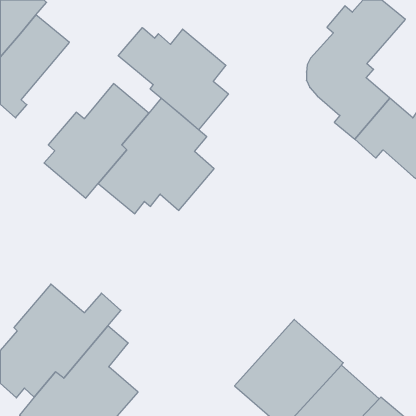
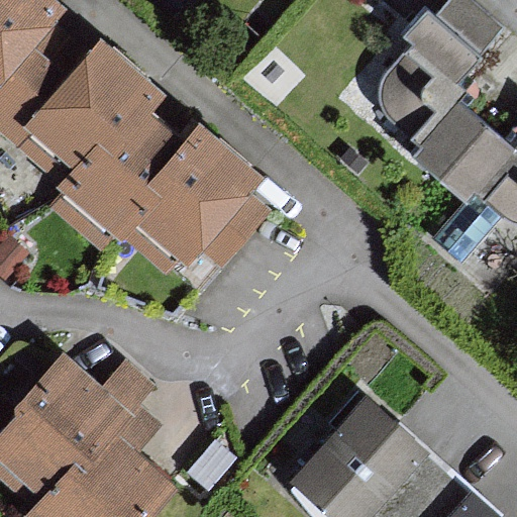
building: [118,28,228,130] -> none
building: none -> [21,40,158,182]

